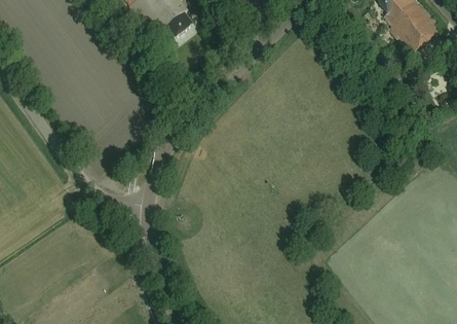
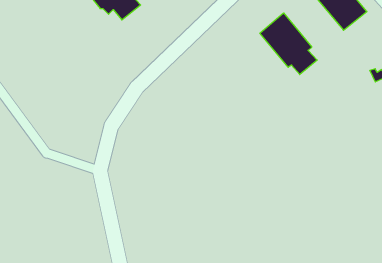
building: none -> [260,13,317,75]

